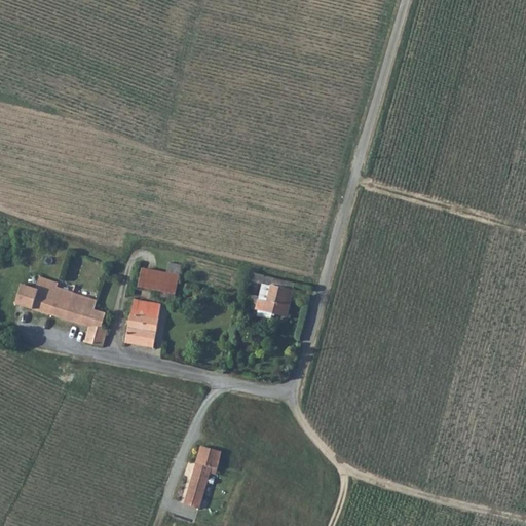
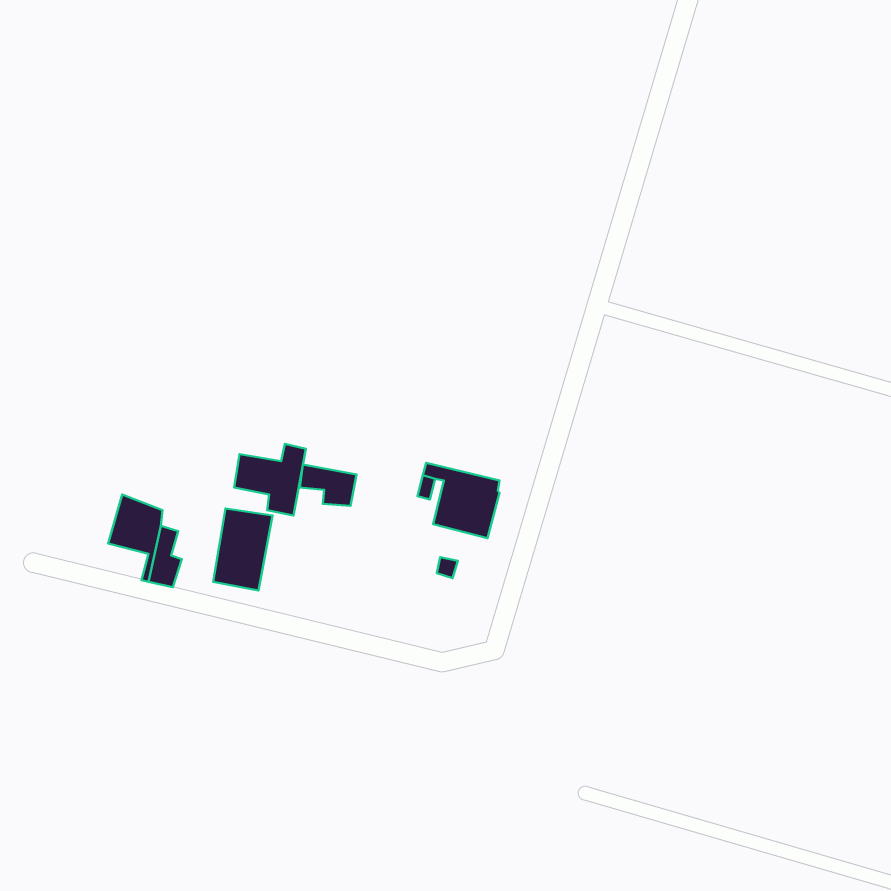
building: none -> [300,464,357,506]
building: [15,276,72,320] -> none
building: [182,445,221,509] -> none

